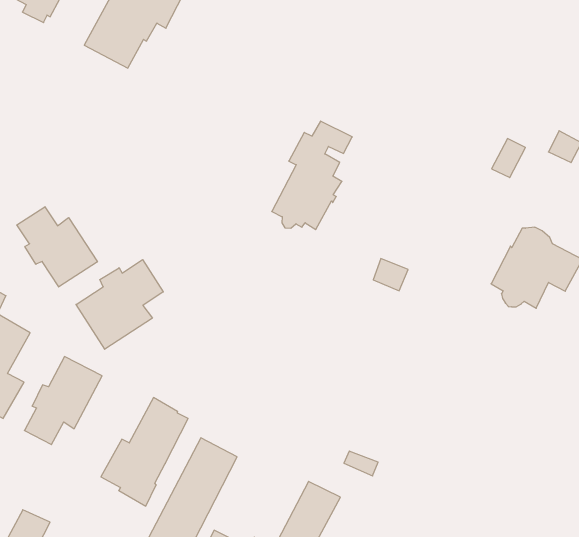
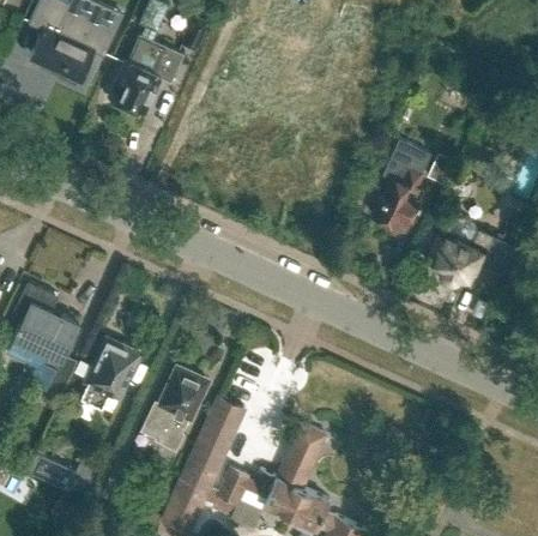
building: [272,121,352,230] -> [373,144,431,228]
building: [17,207,97,287] -> none
building: [76,260,163,349] -> none

